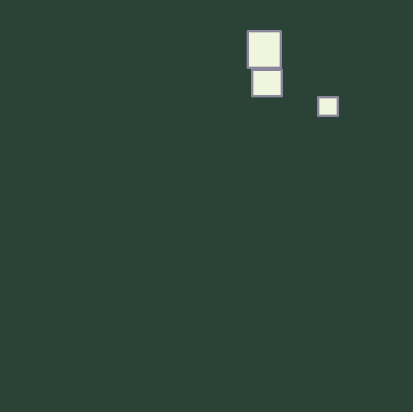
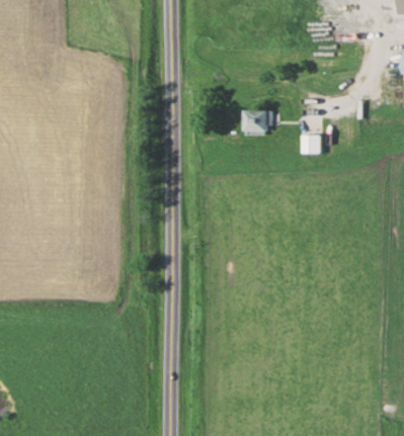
building: [248,31,281,68] -> none

